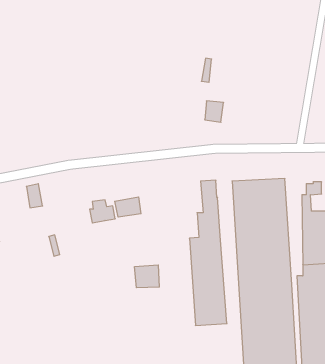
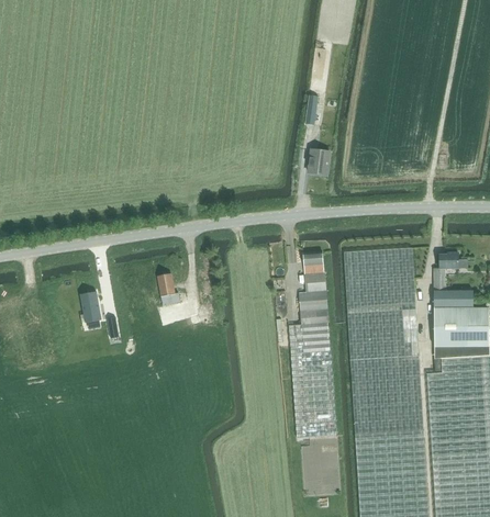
building: [26,184,43,208] -> [81,292,102,323]
building: [115,197,141,217] -> none
building: [135,265,159,288] -> none

